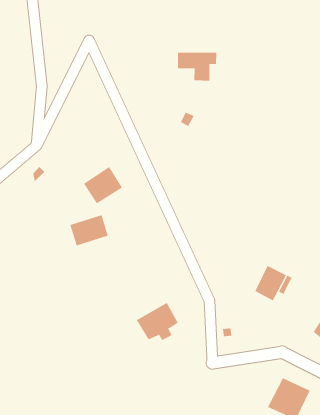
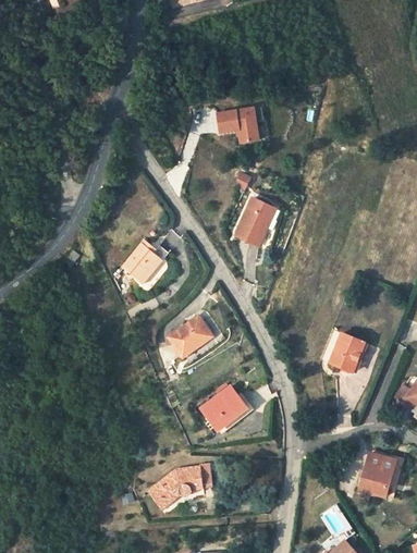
building: none -> [232,197,263,242]
building: [70,215,109,246] -> [177,315,222,353]
building: none -> [148,465,213,508]

